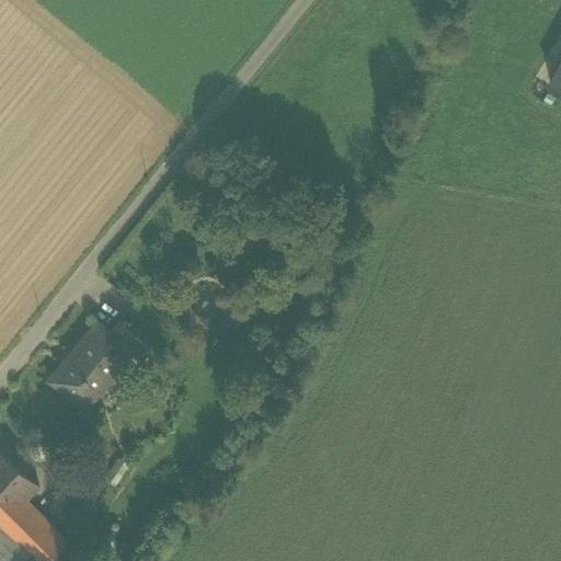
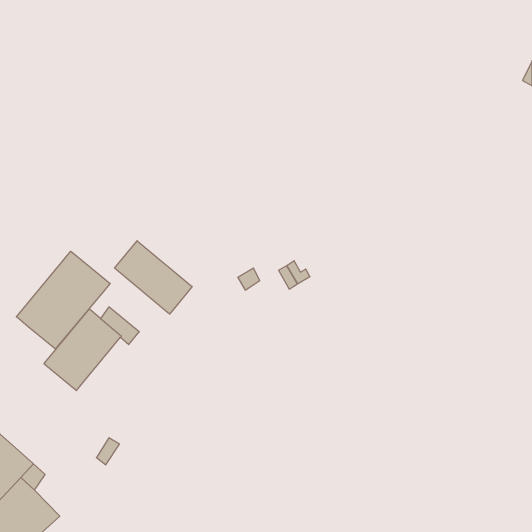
building: none -> [115,241,192,314]
building: none -> [16,251,110,349]

